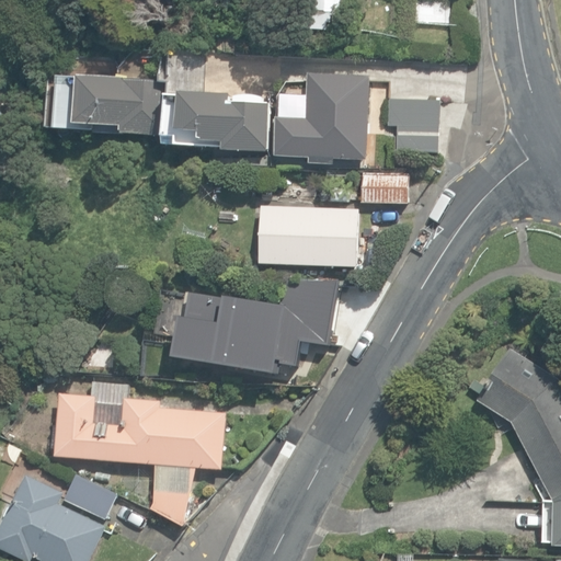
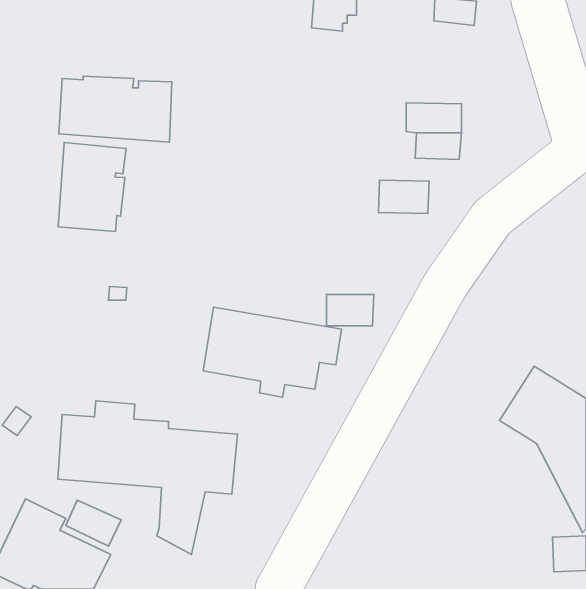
building: [275,72,370,163] -> none
building: [164,90,268,150] -> none
building: none -> [58,142,126,231]
building: [256,194,360,266] -> none

